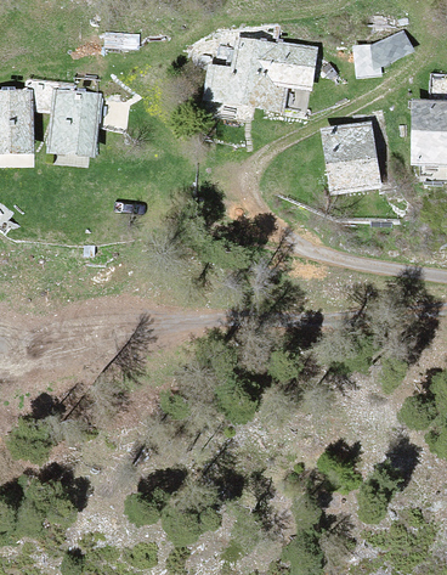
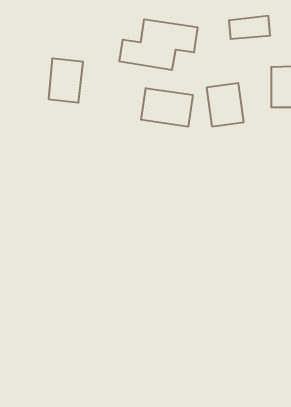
building: [52,90,100,151] -> [49,58,83,103]
building: none -> [141,88,193,127]

